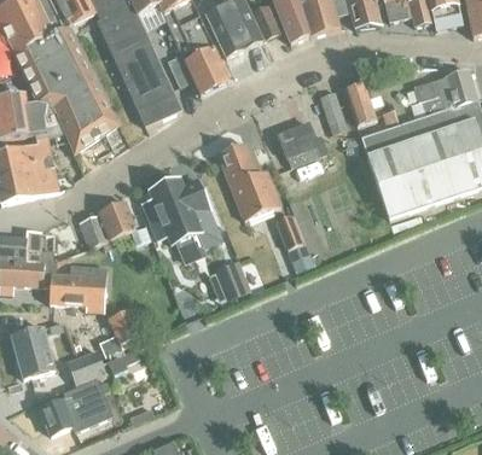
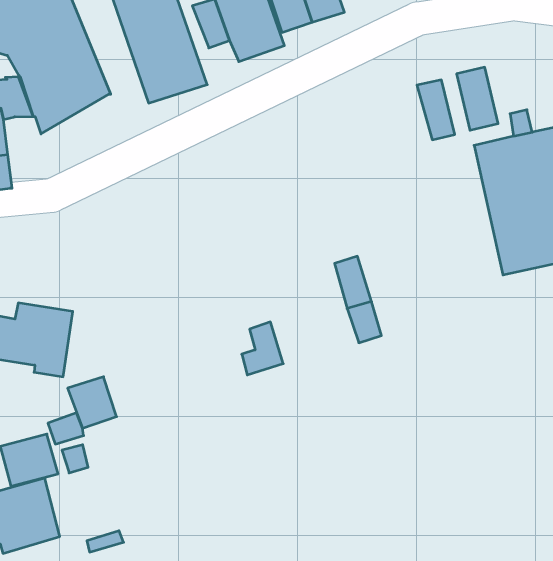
building: [277,121,326,165] -> none
building: [216,141,279,220] -> none
building: [141,177,221,247] -> none
building: [79,199,134,246] -> none

